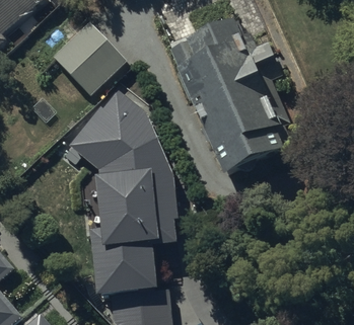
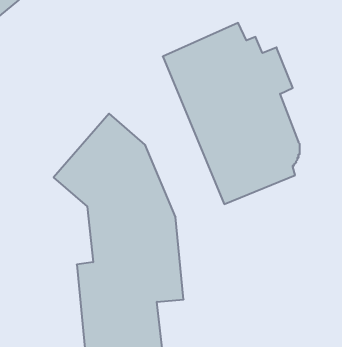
building: [50,22,124,94] -> none

